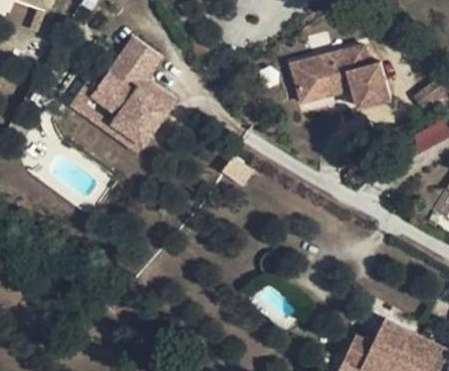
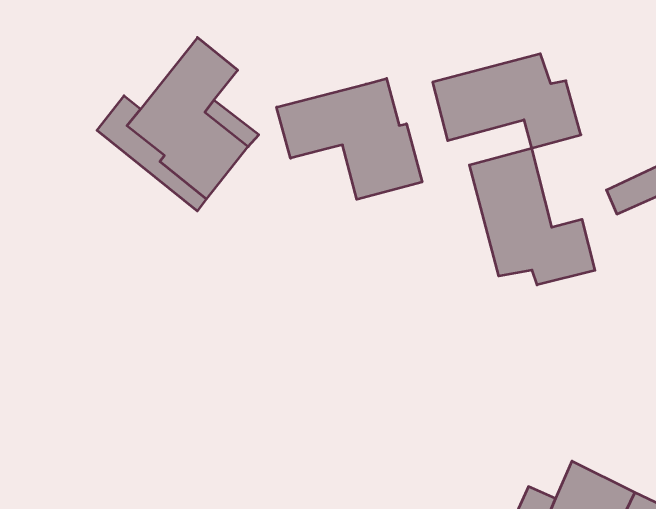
building: none -> [277,78,422,199]
building: none -> [469,148,595,285]

